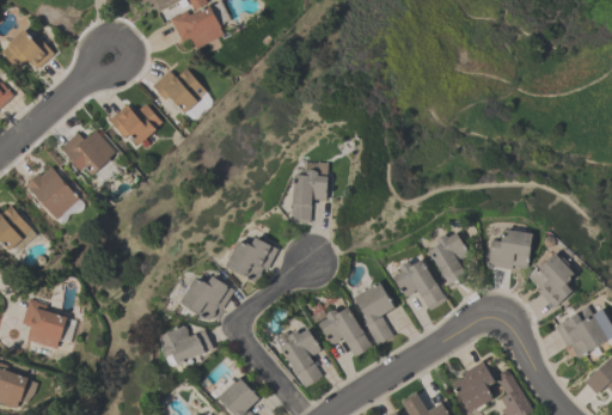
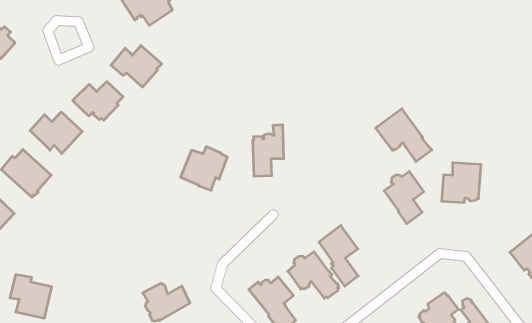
building: [226,233,277,280] -> [181,147,227,190]
building: [530,251,575,307] -> none
building: [390,252,447,310] -> [376,109,432,162]
building: [180,273,234,319] -> none

